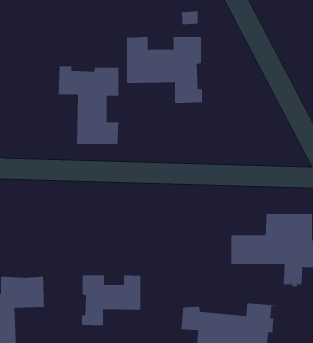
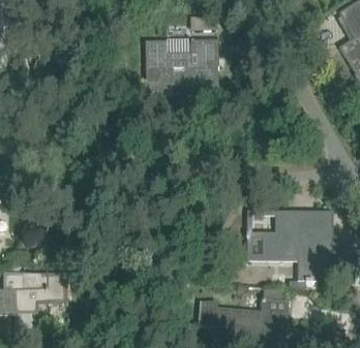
building: [58,66,119,145] -> none
building: [81,274,141,326] -> none

